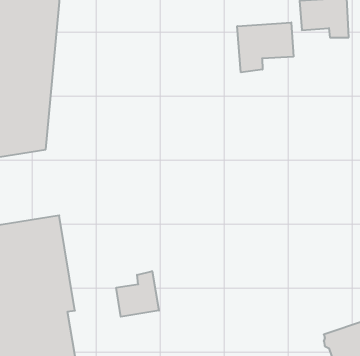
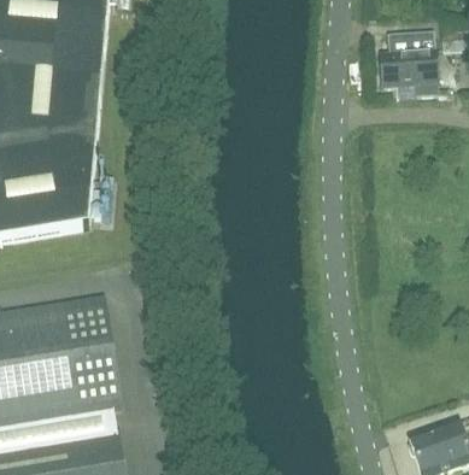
building: [237,22,293,72] -> none
building: [116,271,159,317] -> none

